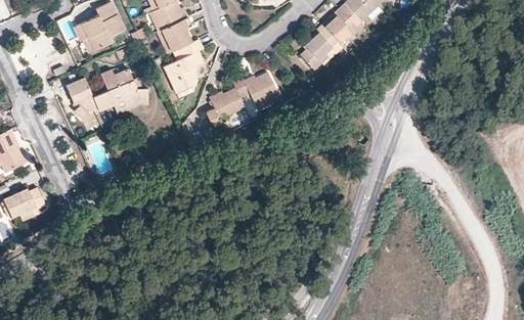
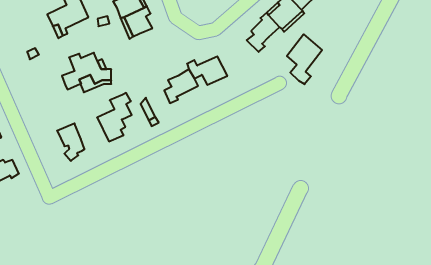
building: [165,40,204,94] -> [97,93,132,141]
building: none -> [287,34,322,84]
building: [66,78,96,120] -> [57,123,85,161]

